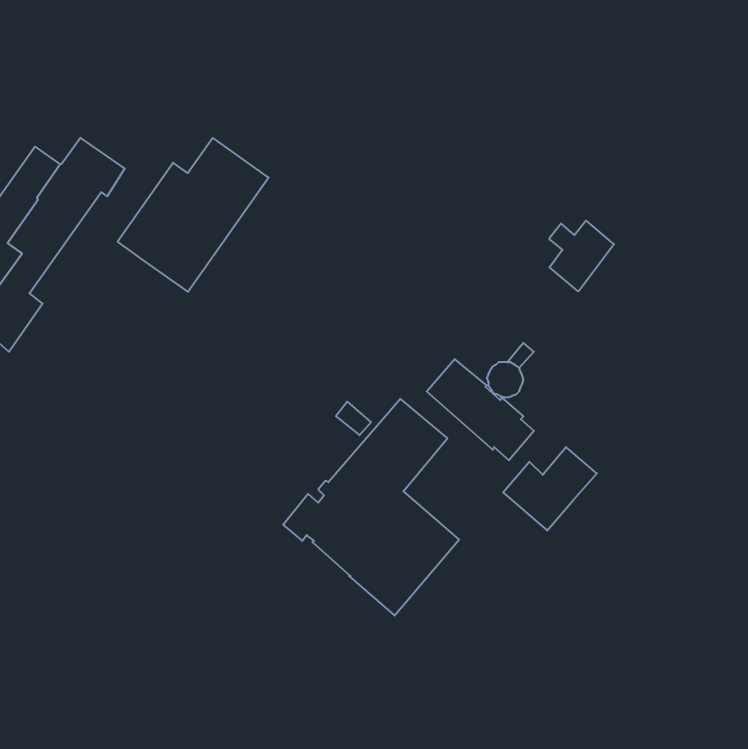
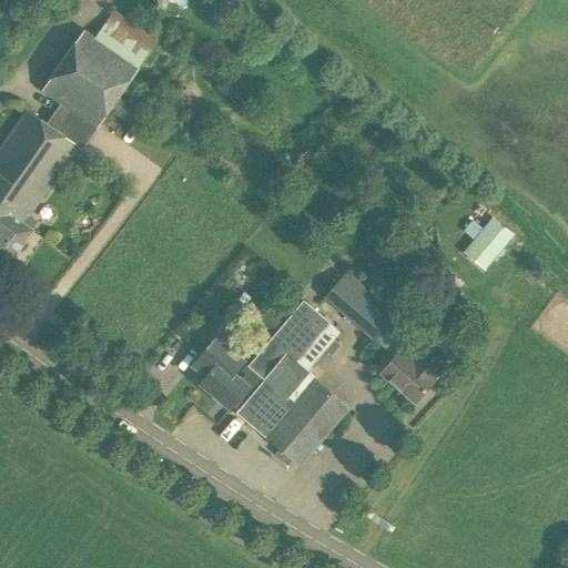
building: [118,138,269,292] -> [41,11,155,128]
building: [549,221,614,291] -> [463,216,511,270]
building: none -> [192,337,243,397]

